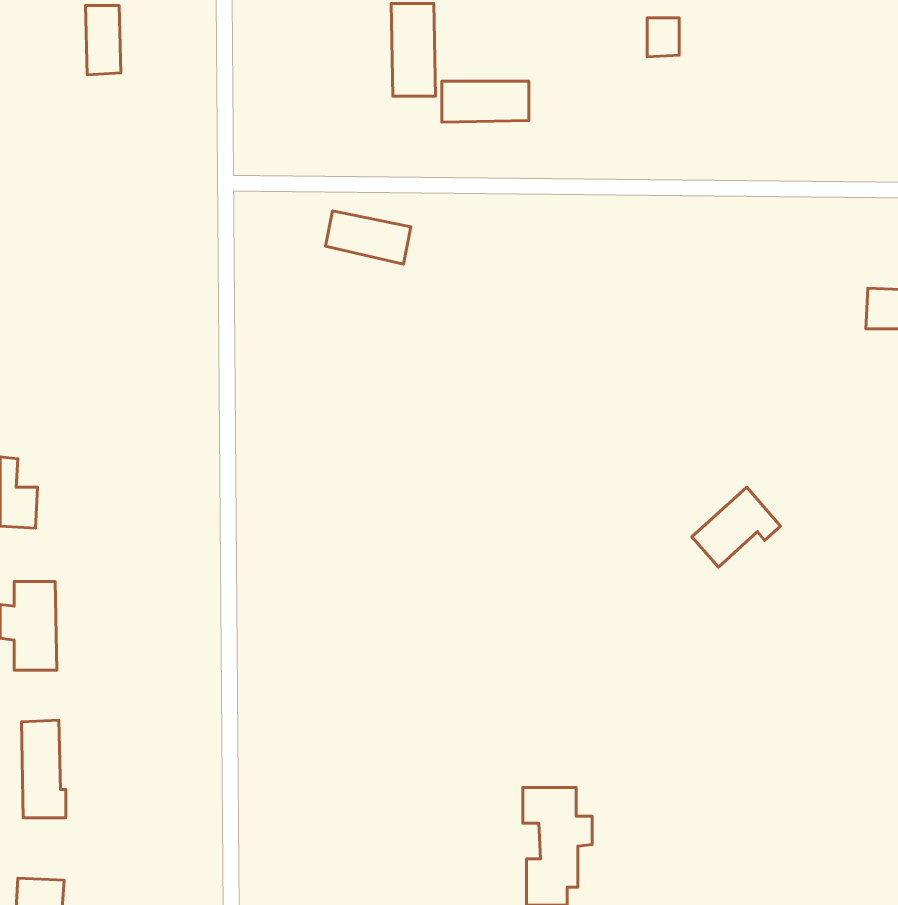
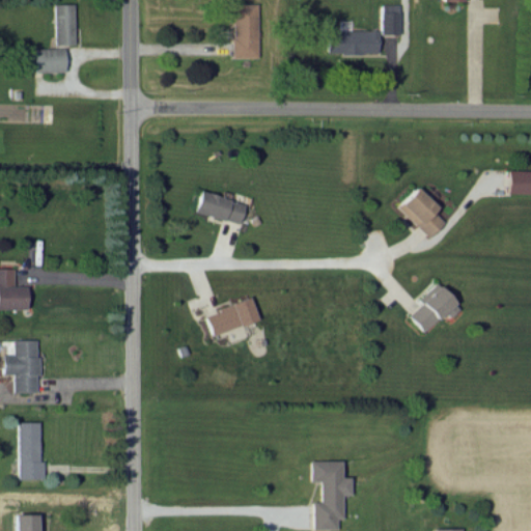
building: none -> [36,49,67,73]
building: [442,81,529,122] -> [330,31,381,55]
building: [325,211,411,264] -> [197,193,247,224]
building: none -> [399,188,447,239]
building: none -> [206,299,259,336]

